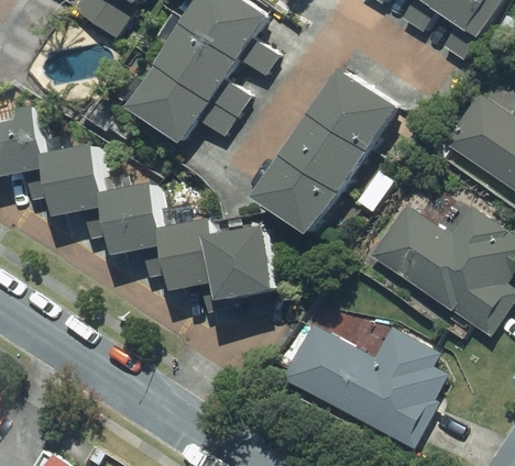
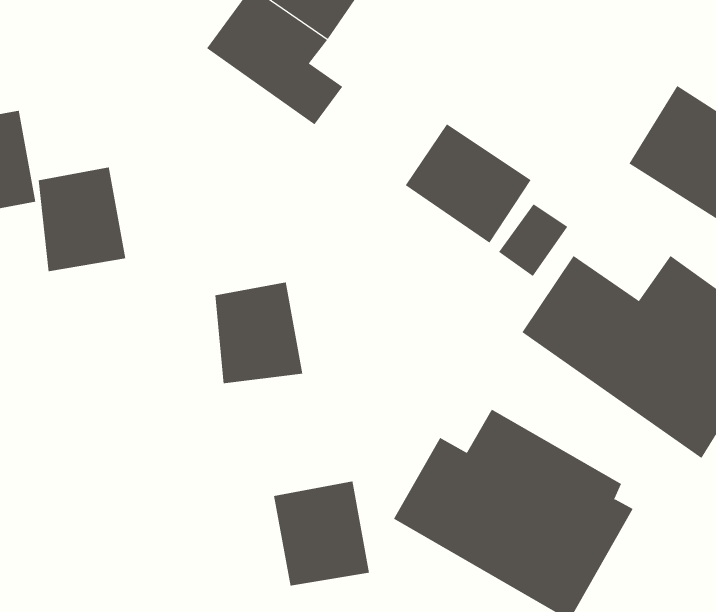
building: [114,67,229,141] -> none
building: [316,68,404,154] -> none
building: [263,157,344,234] -> none
building: [103,185,164,255] -> none
building: [216,233,280,302] -> [273,481,370,586]

